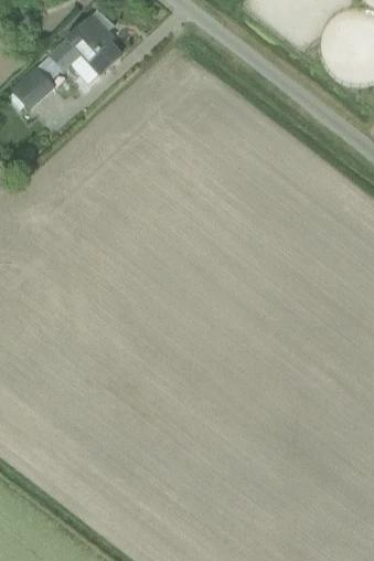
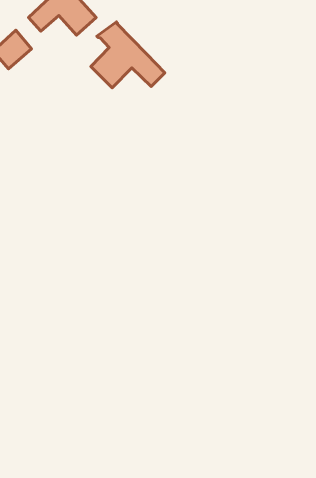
building: none -> [91,22,165,88]

